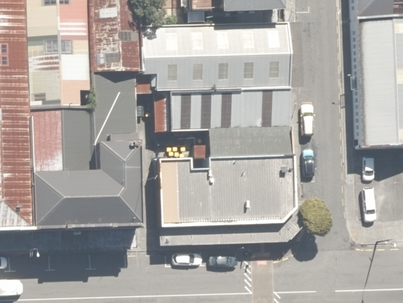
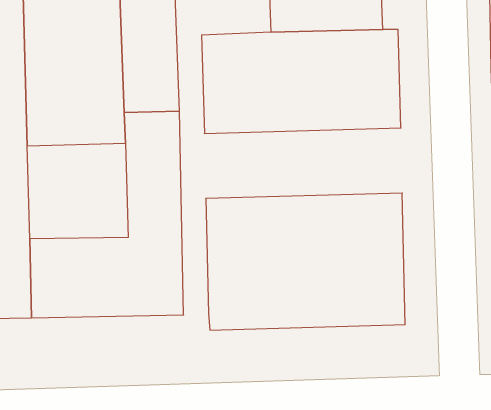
building: [153,96,296,147] -> none
building: [25,107,98,176] -> none

